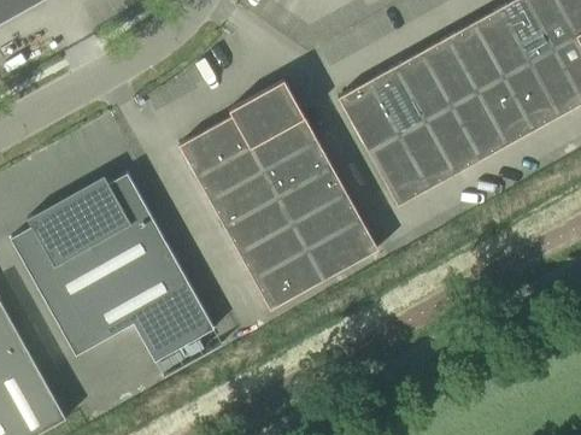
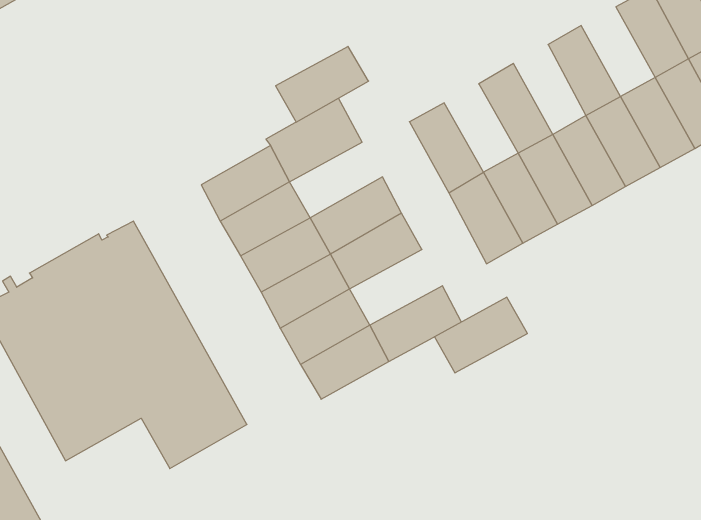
building: [469,8,526,77] -> none
building: [417,37,473,106] -> none
building: [364,67,421,135] -> none
building: [246,112,317,170] -> [276,46,369,122]
building: [292,194,363,252] -> [434,297,527,373]

